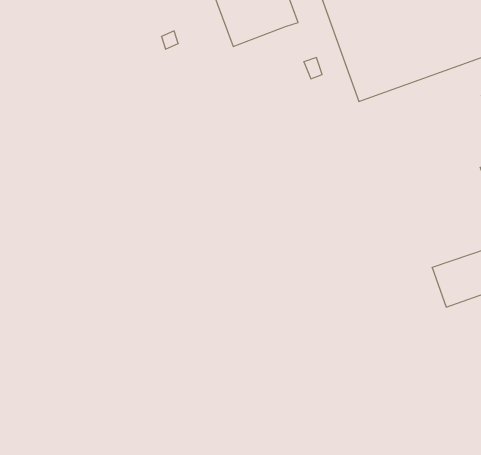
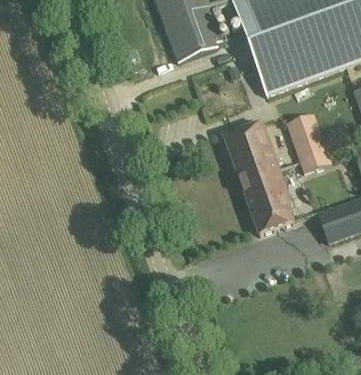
building: none -> [223,120,293,233]
building: none -> [290,124,336,160]

